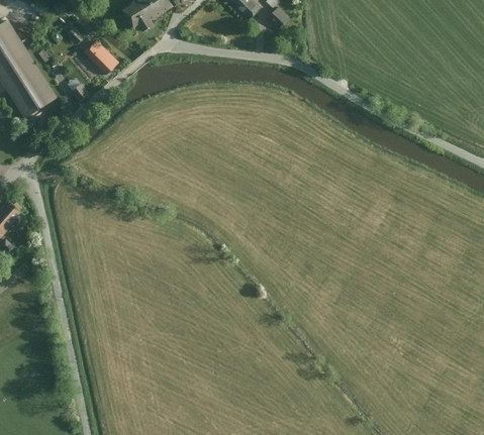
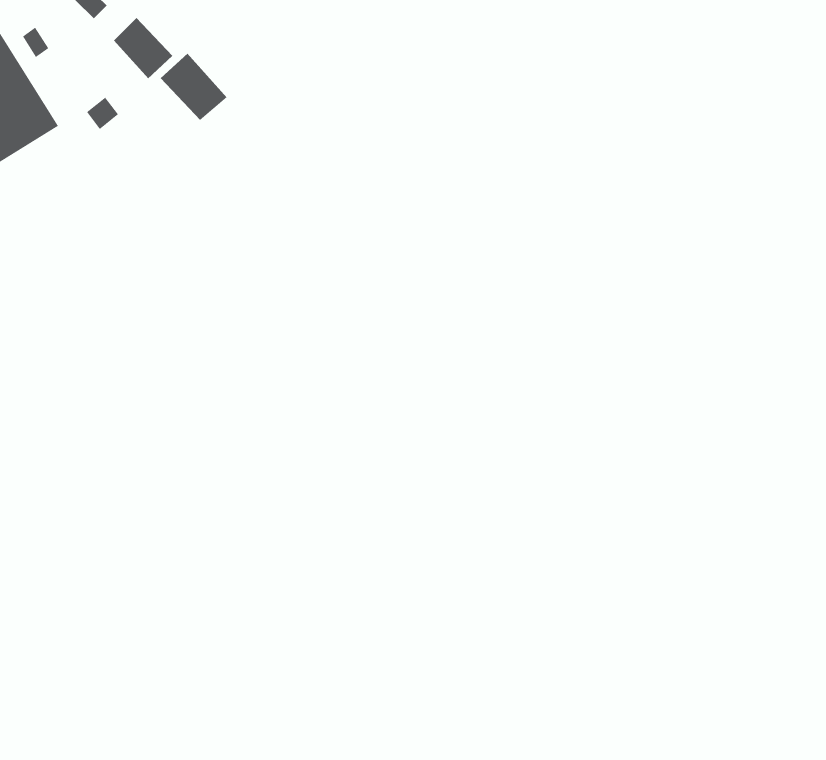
building: none -> [160,53,228,121]

